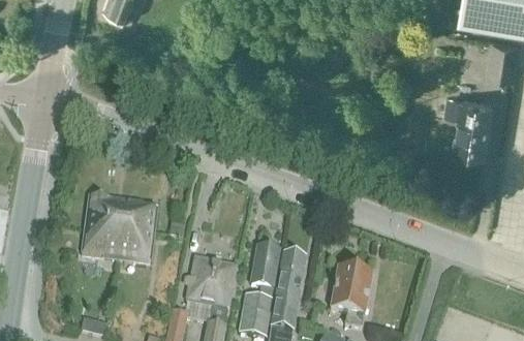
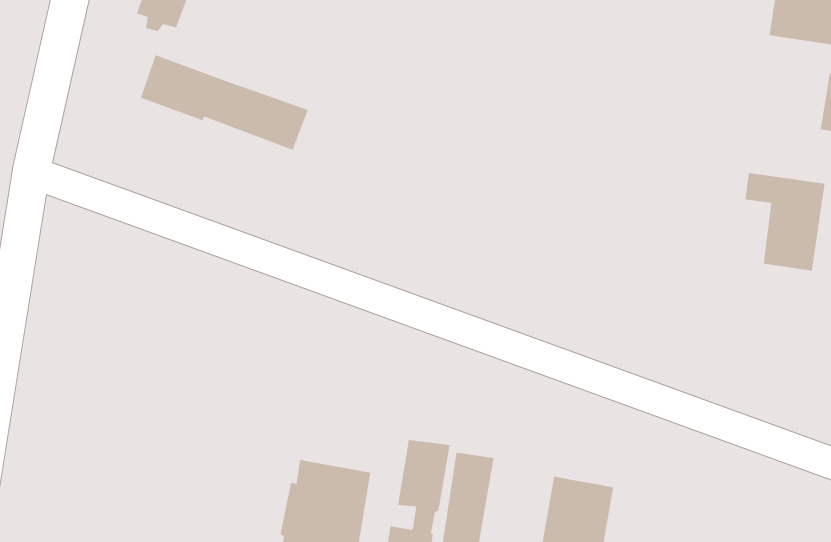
building: none -> [140,54,309,151]
building: [82,198,155,266] -> none

